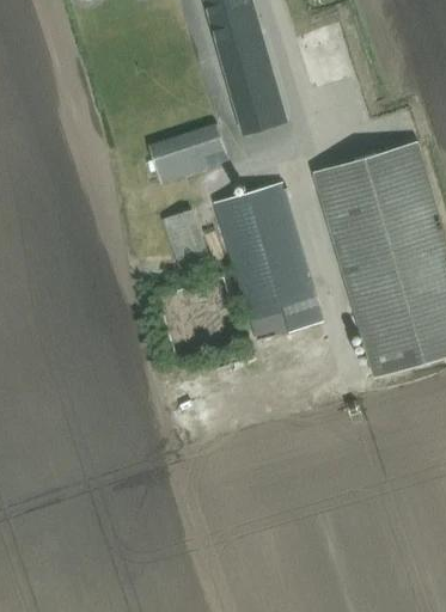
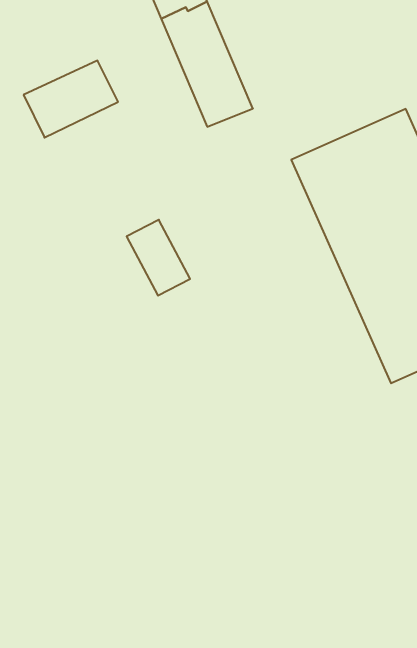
building: [147,123,228,184] -> [24,61,118,138]
building: [213,182,323,342] -> none

